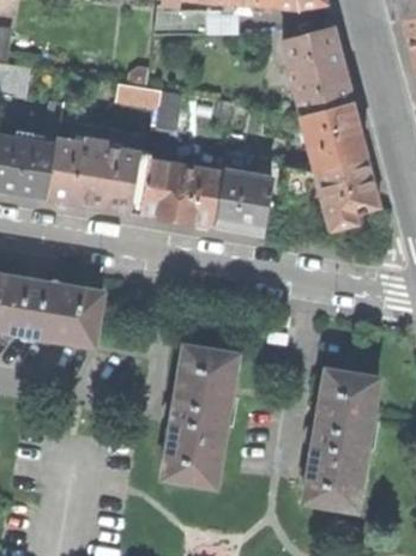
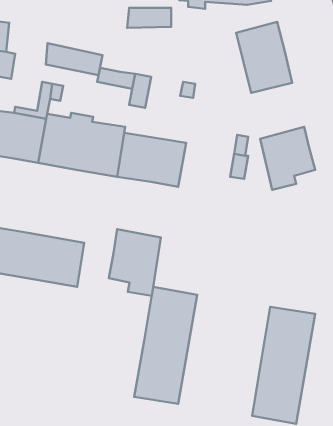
building: none -> [46,43,103,75]
building: [300,101,366,168] -> none
building: [215,169,272,234] -> none
building: none -> [109,229,161,296]

